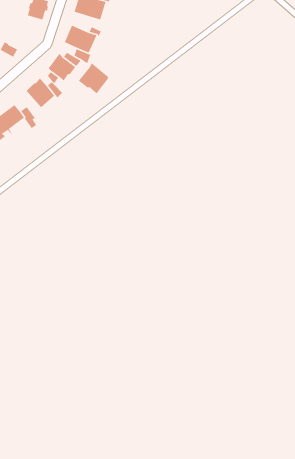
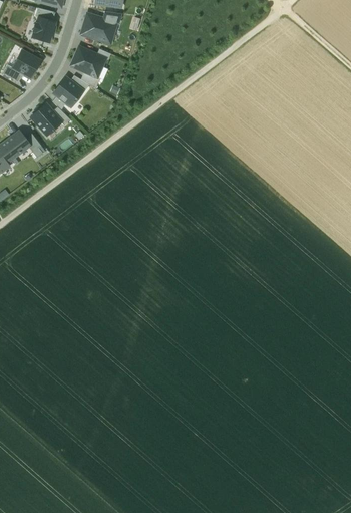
building: none -> [12,50,40,78]
building: [78,62,110,94] -> none

